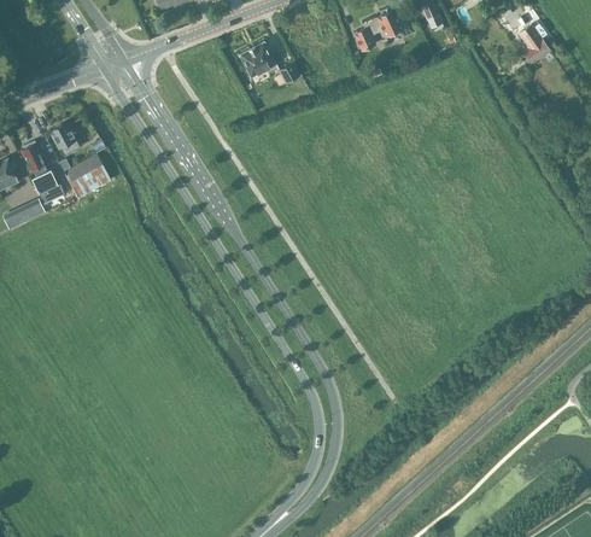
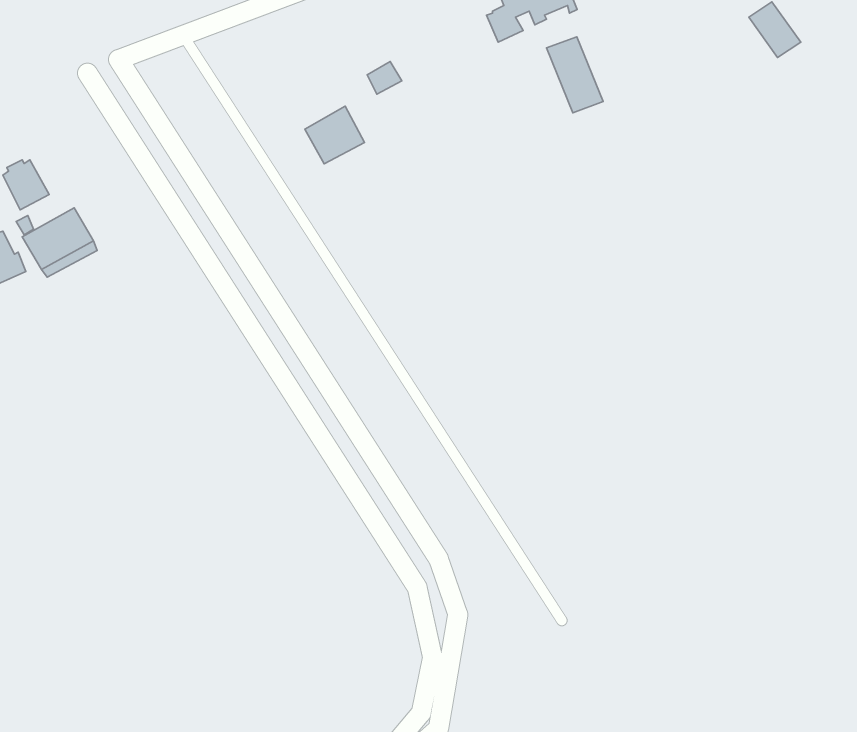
building: [239,41,276,77] -> [305,106,365,164]
building: none -> [546,37,603,113]

